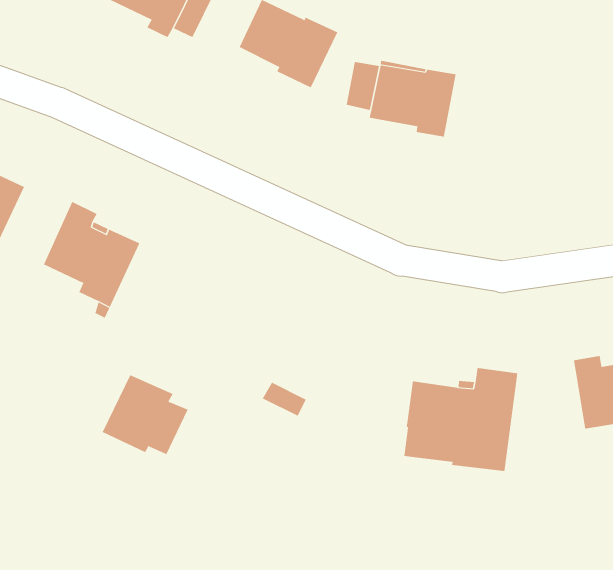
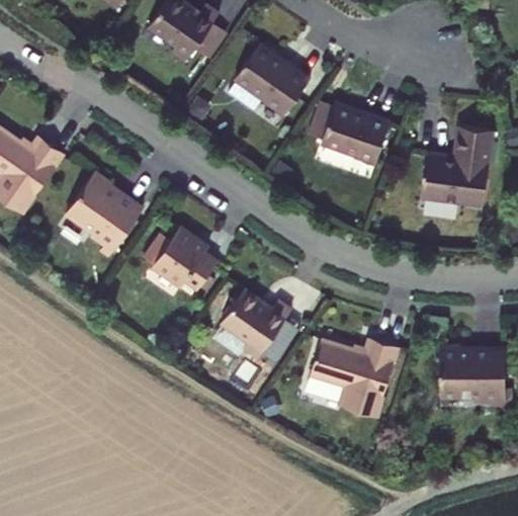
building: none -> [419,127,493,207]
building: none -> [223,291,292,357]
building: [102,375,189,455] -> [153,228,219,290]

